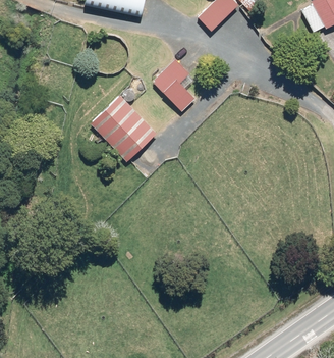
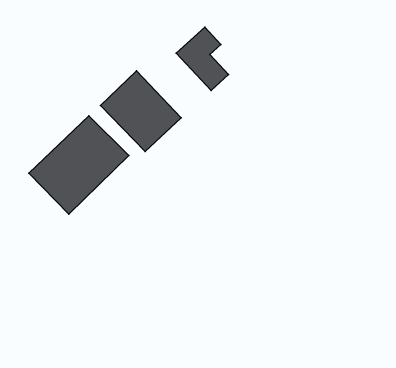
building: none -> [29,116,129,214]

